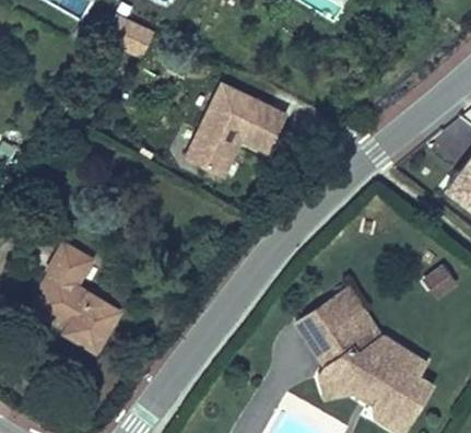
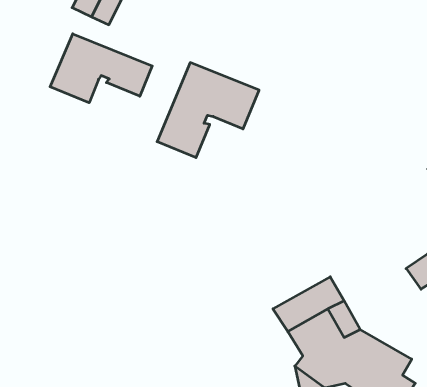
building: none -> [50,34,152,103]
building: [46,237,122,344] -> none

